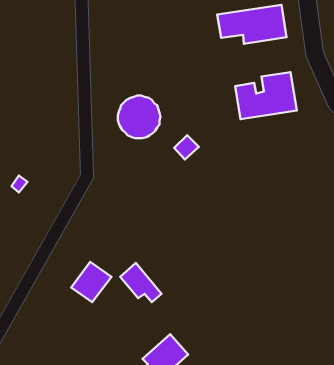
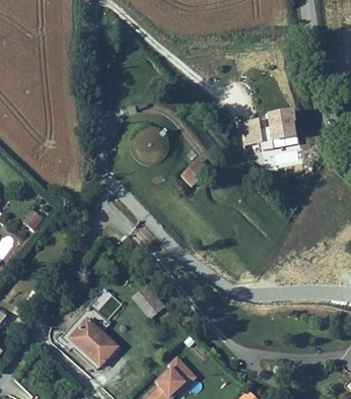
building: [217,5,287,44] -> none
building: none -> [60,314,120,370]

